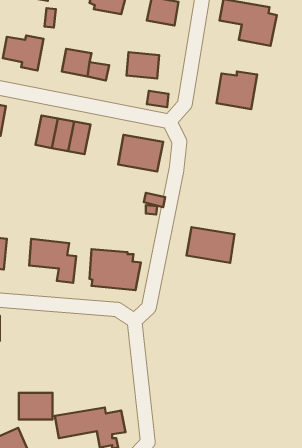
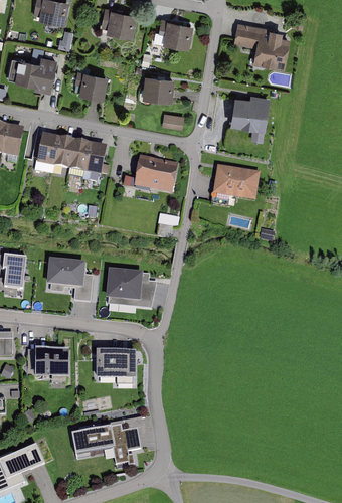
building: none -> [35,133,57,165]
building: [186,227,234,263] -> [211,164,259,199]
building: none -> [95,350,134,377]
building: [19,393,52,420] -> [34,349,67,375]

